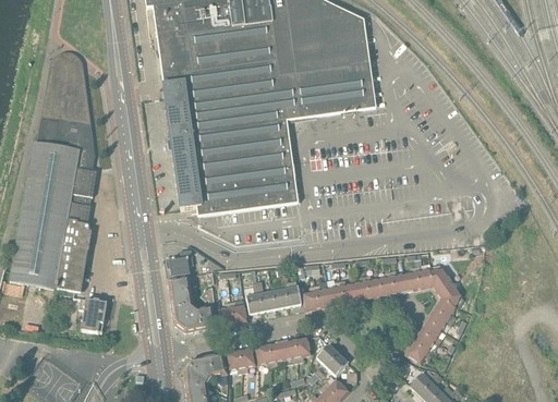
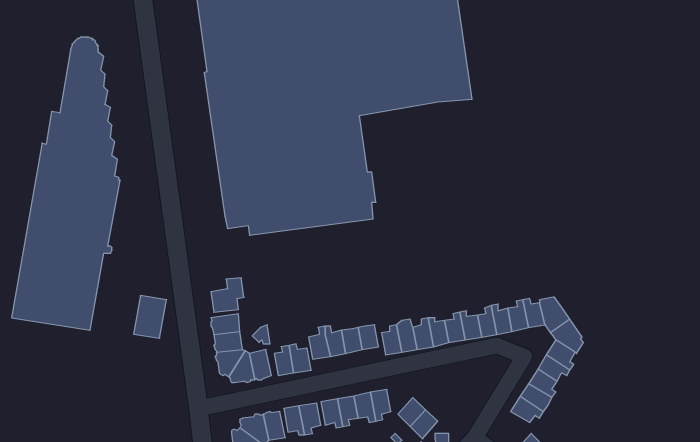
building: [81,299,107,332] -> [134,296,167,338]

